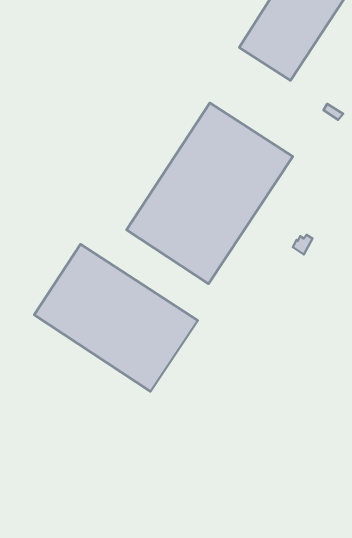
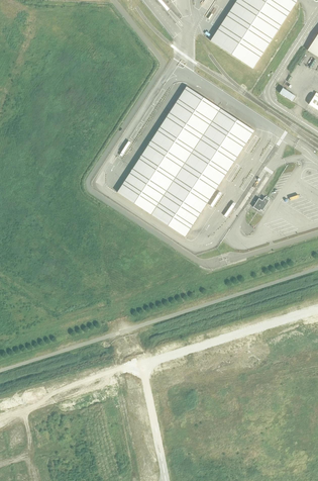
building: [34,244,198,391] -> none

